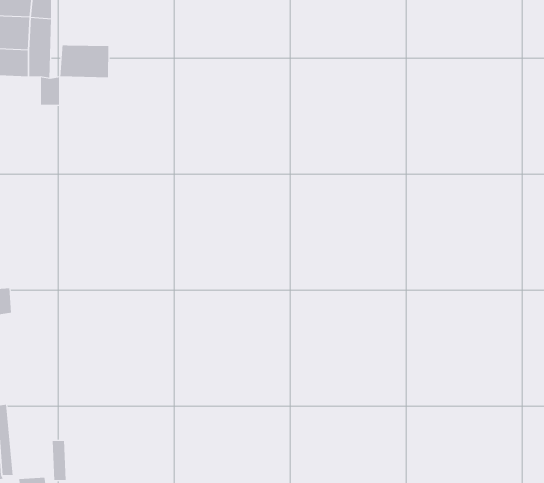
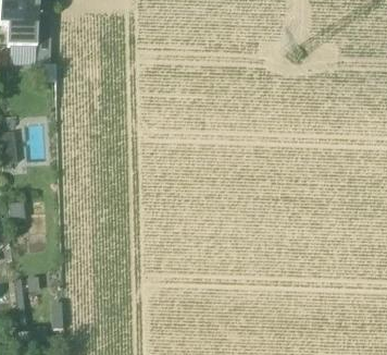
building: [60,44,109,78] -> none

